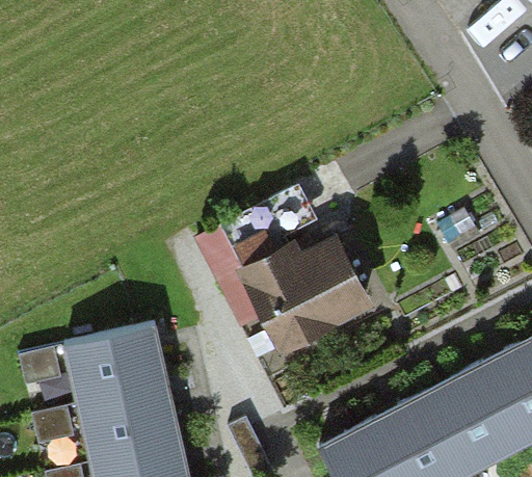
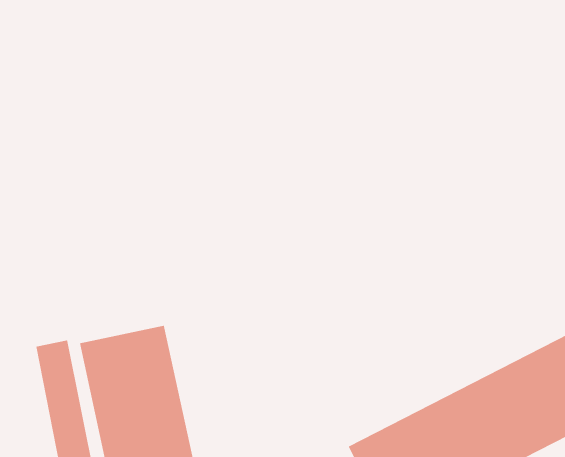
building: [213,238,353,365] -> none

